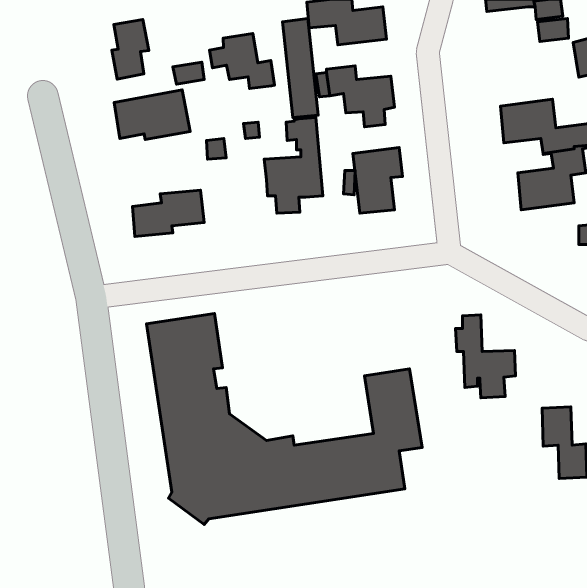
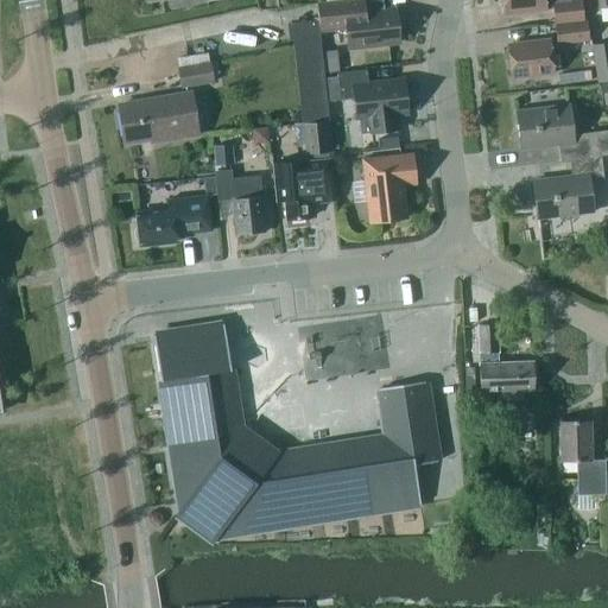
building: [112,19,149,79] -> none
building: [210,34,275,89] -> none
building: none -> [507,38,553,76]
building: none -> [216,170,267,235]

